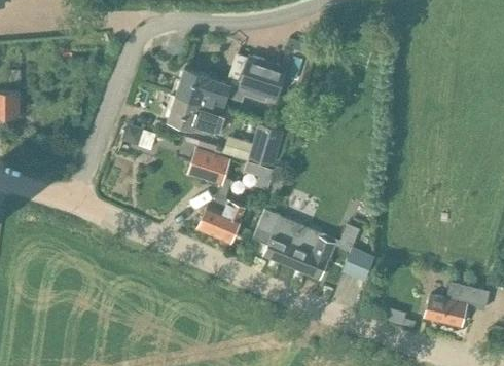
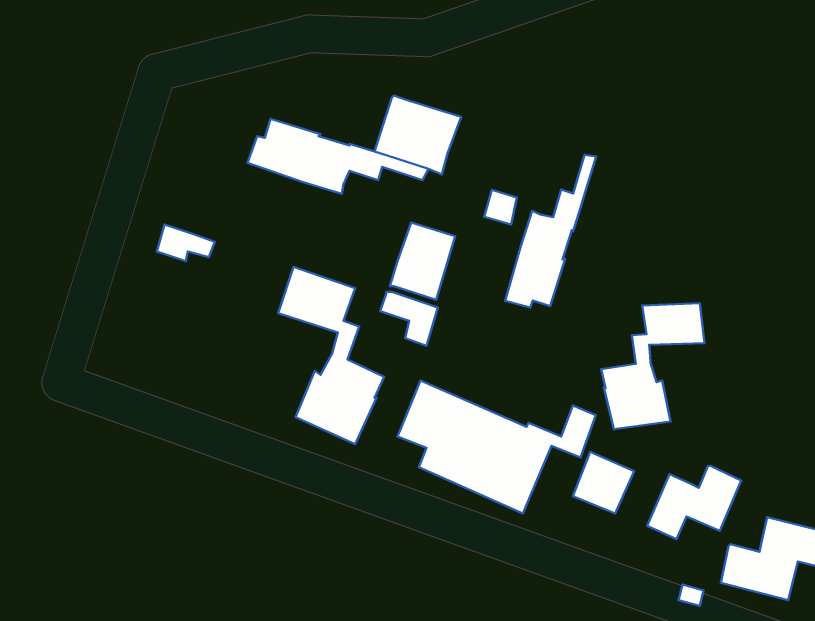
building: none -> [505,155,596,308]
building: [168,94,226,137] -> none
building: none -> [601,303,705,429]
building: none -> [647,466,741,539]

